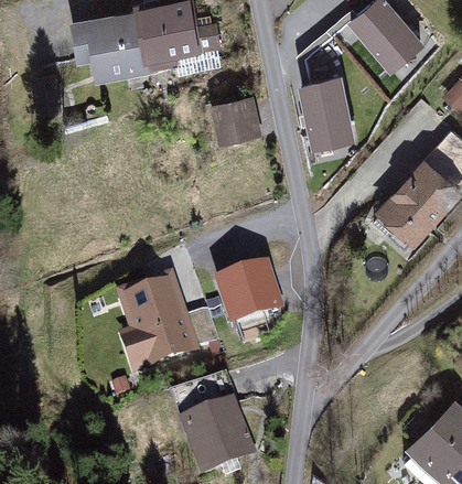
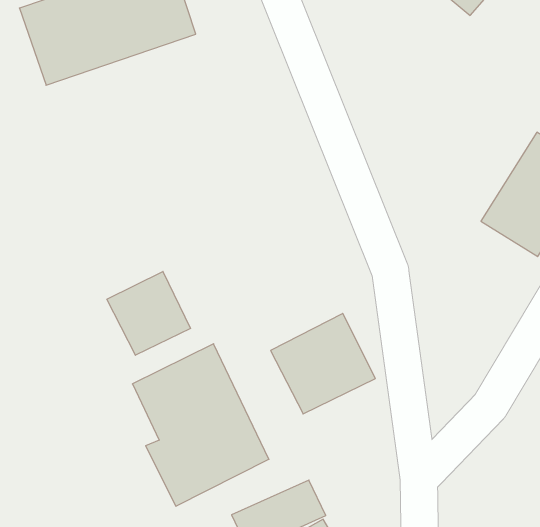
building: [300,77,355,151] -> none
building: [214,100,255,143] -> none
building: none -> [107,271,190,355]

